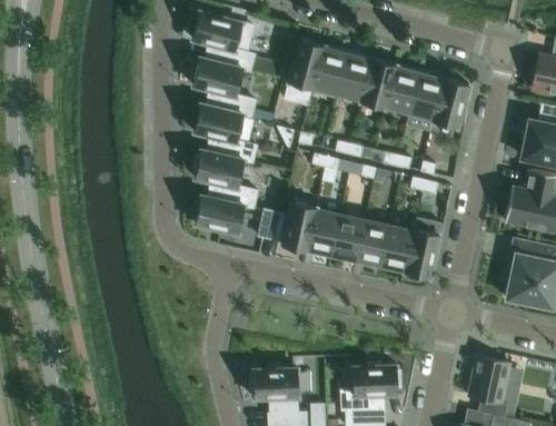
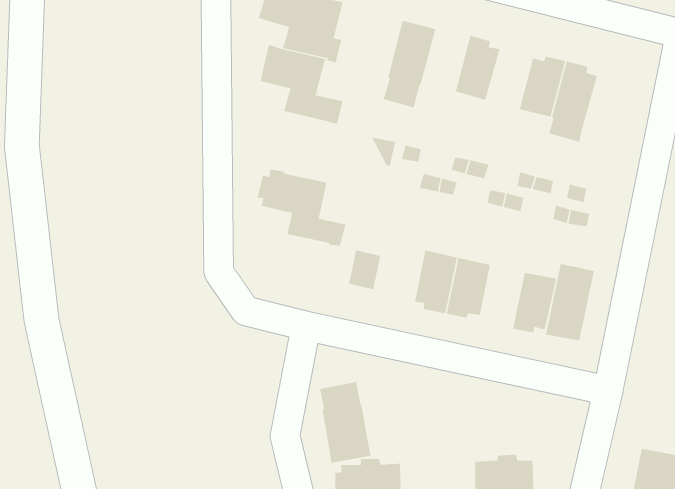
building: [315,47,350,93] -> none
building: [361,59,397,109] -> none
building: [434,79,470,128] -> none
building: [195,105,258,164] -> none
building: [196,196,246,234] -> none
building: [284,202,318,251] -> none
building: [358,221,390,269] -> none
building: none -> [319,381,372,463]

